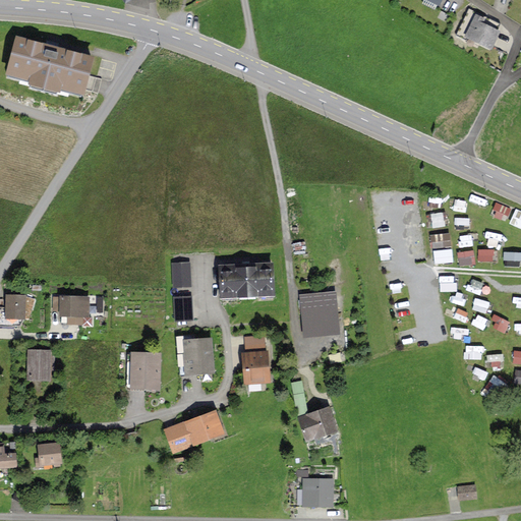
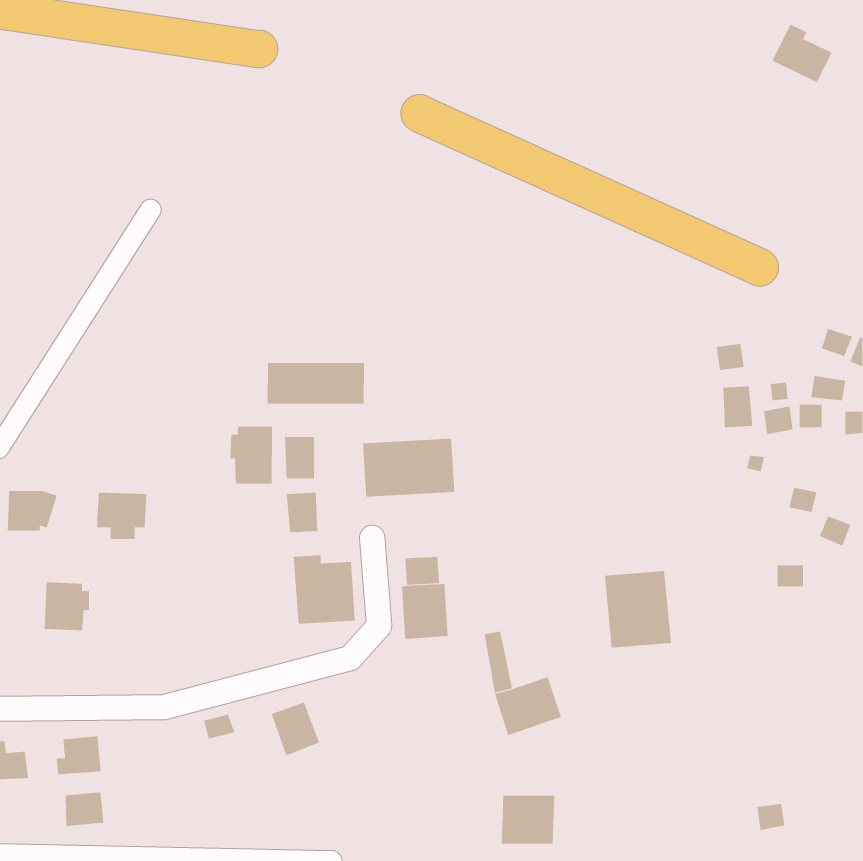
building: [5,39,93,98] -> none
building: none -> [267,362,365,404]
building: none -> [230,426,272,485]
building: [299,291,340,338] -> [604,570,672,648]
building: [129,353,161,390] -> none
building: [183,410,225,447] -> none
building: none -> [65,792,104,827]

